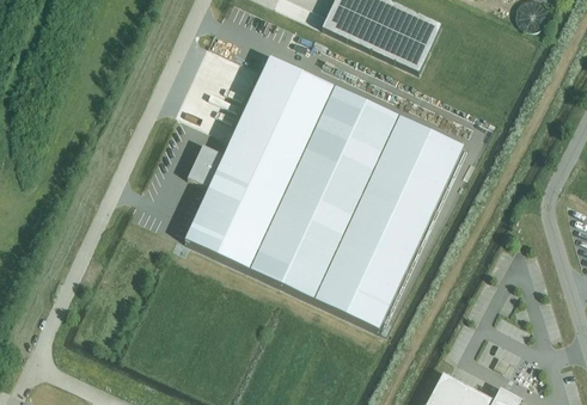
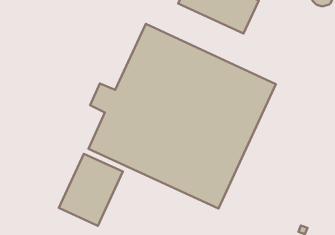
building: none -> [59,154,123,226]

